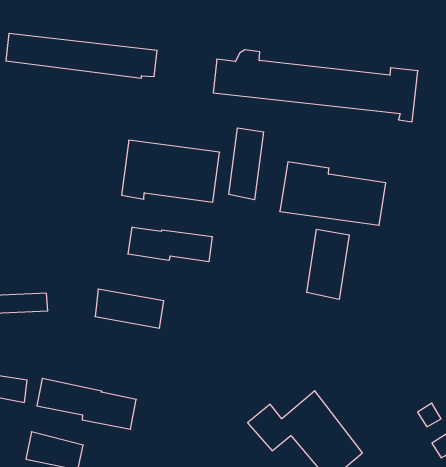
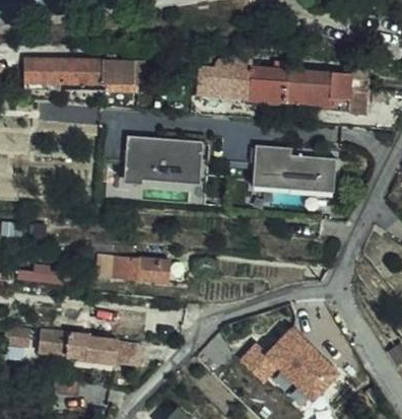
building: [229,128,264,200] -> none
building: [128,227,212,262] -> none
building: [307,229,349,299] -> none

